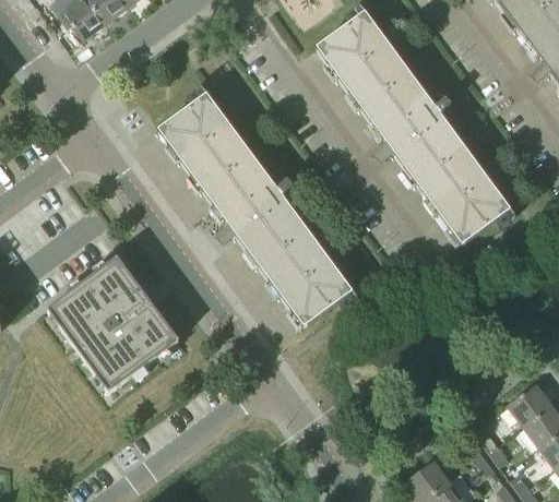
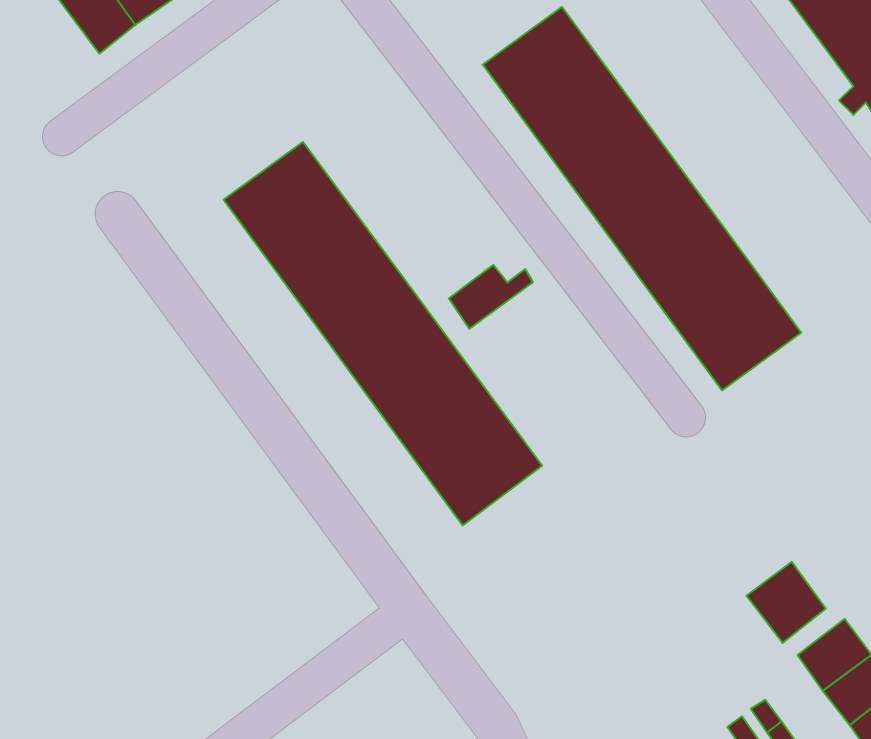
building: none -> [449,265,533,329]
building: [48,256,179,391] -> none
building: none -> [746,562,826,643]

